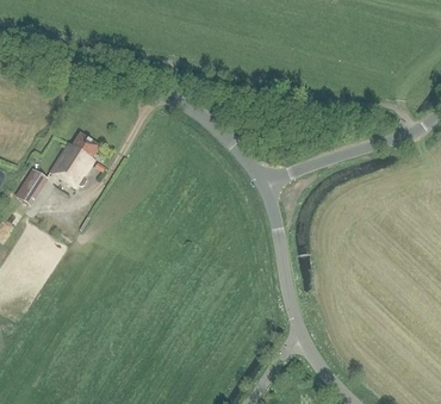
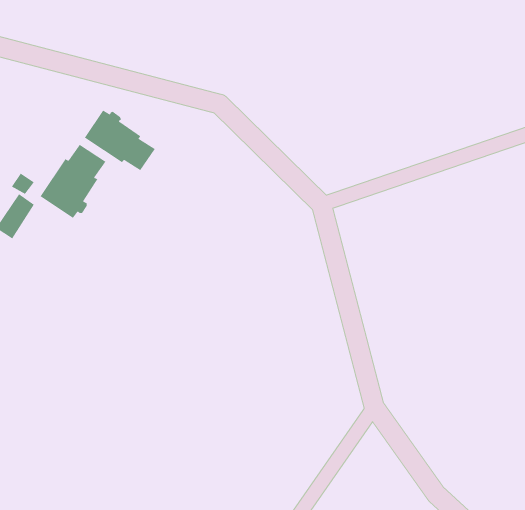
building: none -> [84,110,156,171]

